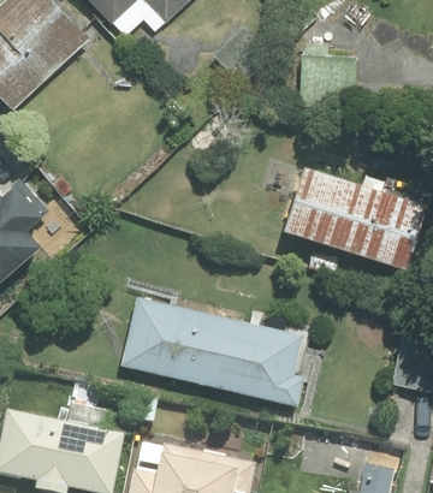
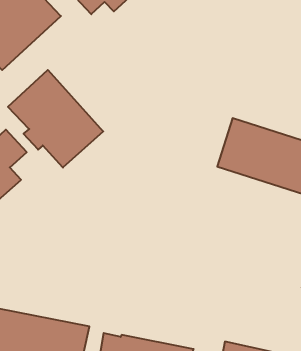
building: none -> [8,70,103,168]
building: [121,298,303,405] -> none

